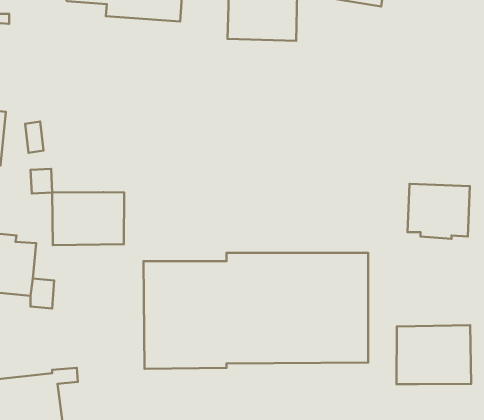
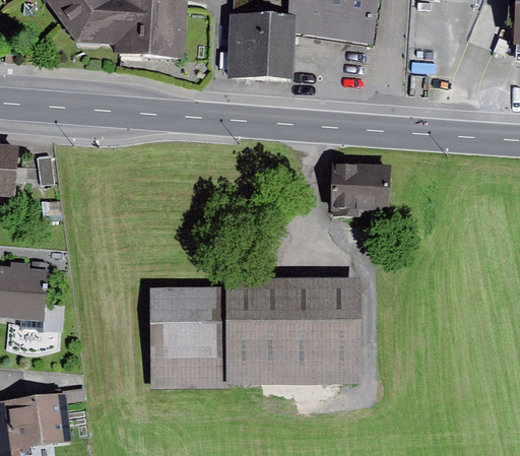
building: [407,184,470,239] -> [330,165,389,216]
building: [52,192,124,245] -> none
building: [396,325,471,384] -> none

